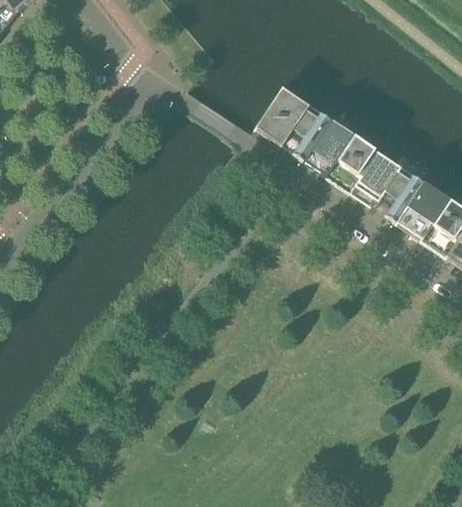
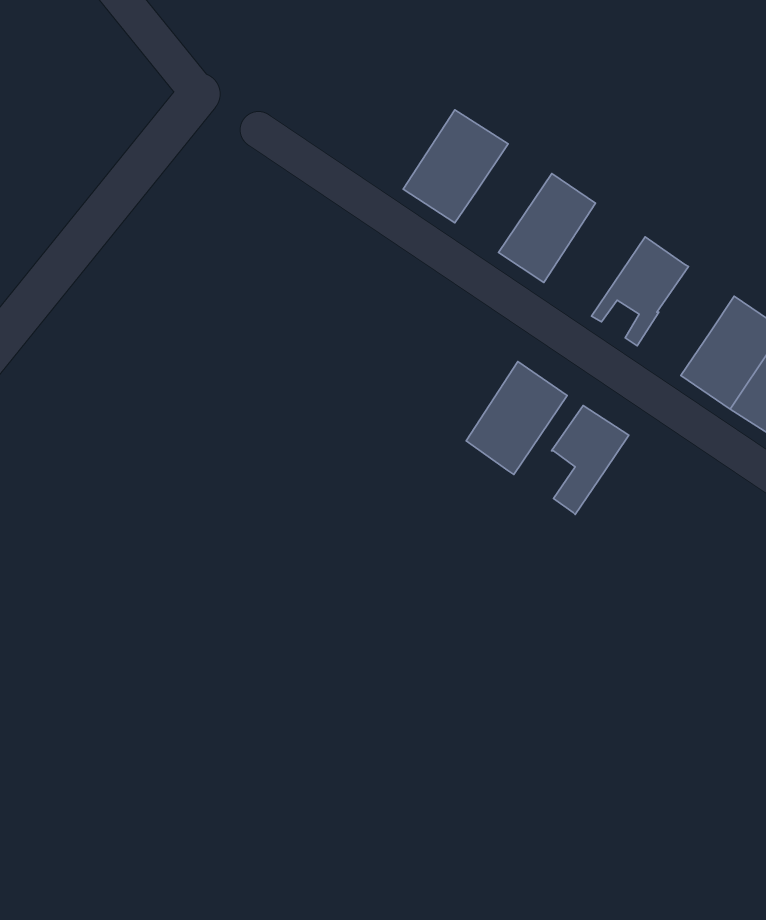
building: [287,100,326,156] -> none
building: [322,130,373,188] -> [466,362,567,475]
building: [379,163,419,218] -> [551,405,629,514]

